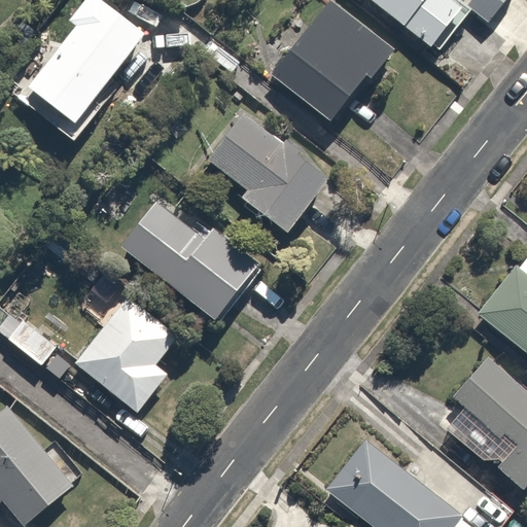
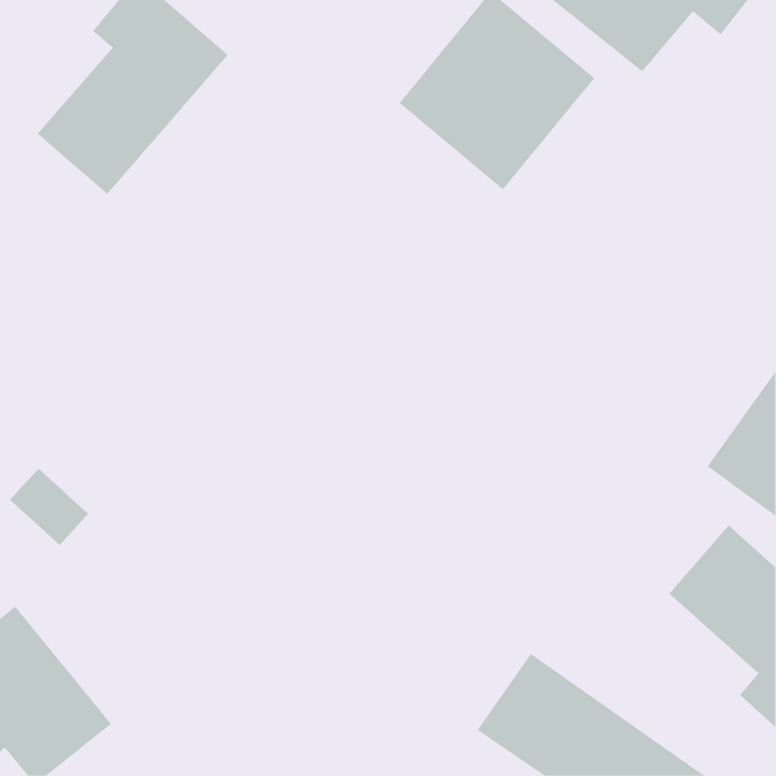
building: [208,115,331,239] -> none
building: [119,192,260,324] -> none
building: [76,294,181,413] -> none

